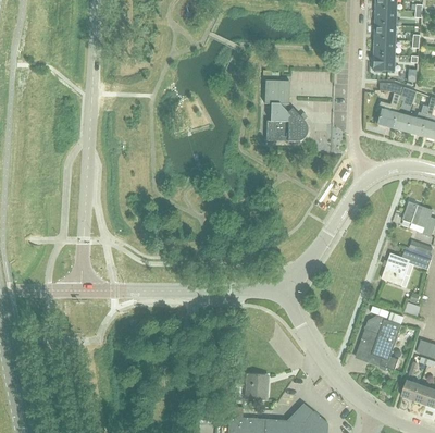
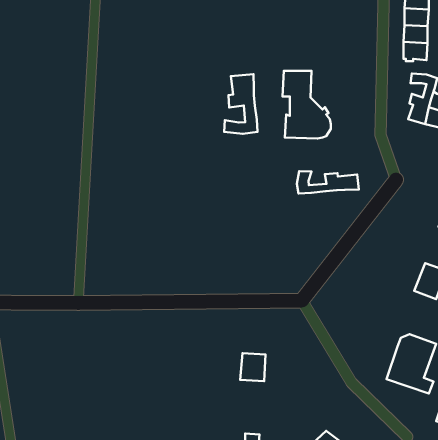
building: none -> [224,74,257,134]
building: none -> [297,171,359,193]
building: [245,373,268,398] -> [240,353,265,381]

